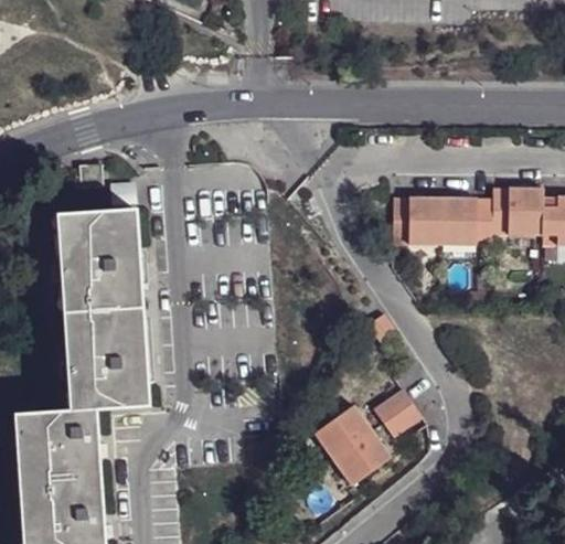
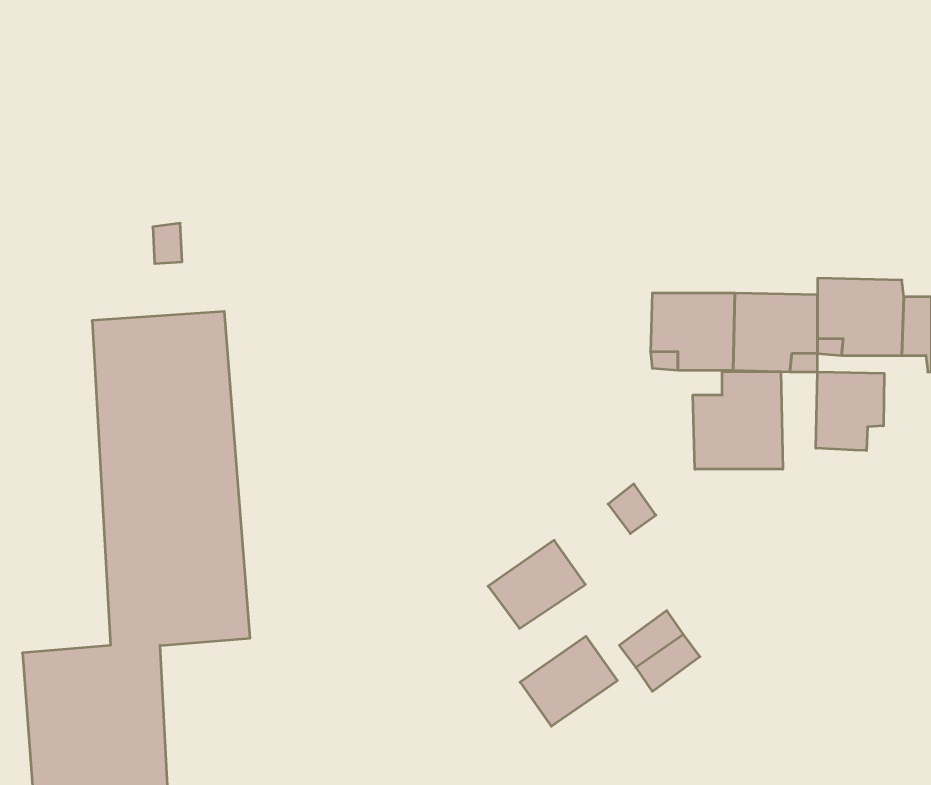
building: none -> [693,372,783,469]
building: none -> [816,372,884,451]
building: [332,430,391,483] -> [488,540,585,628]

